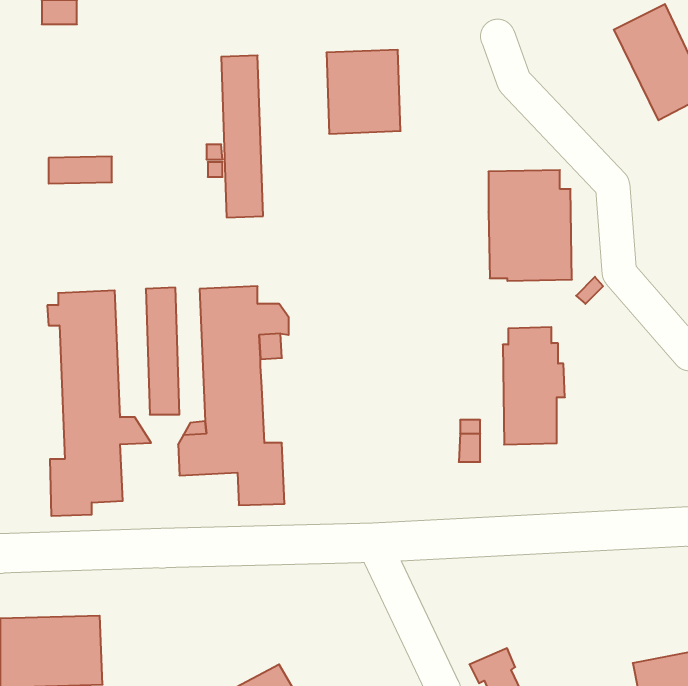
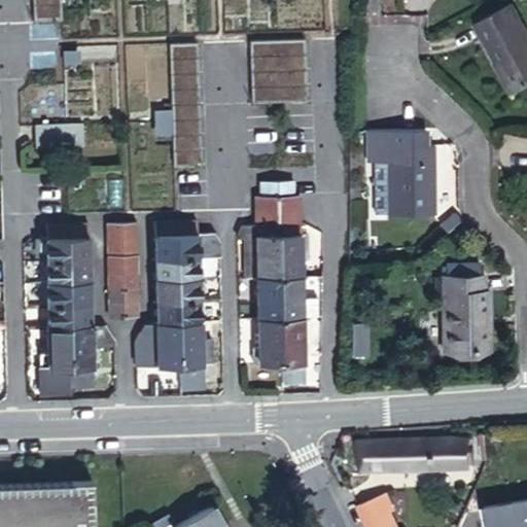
building: none -> [239,181,319,380]
building: [503,327,565,445] -> [444,265,491,354]
building: none -> [362,444,467,470]

